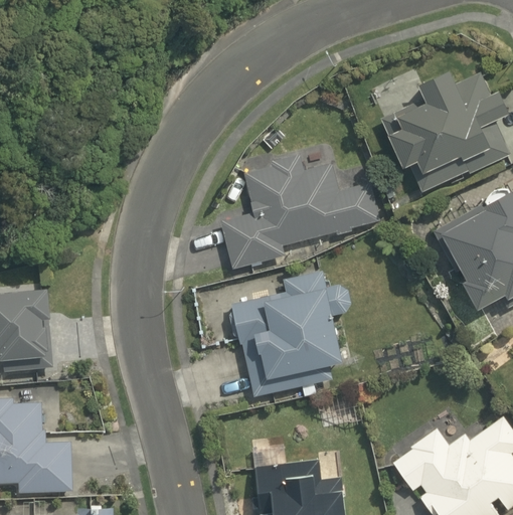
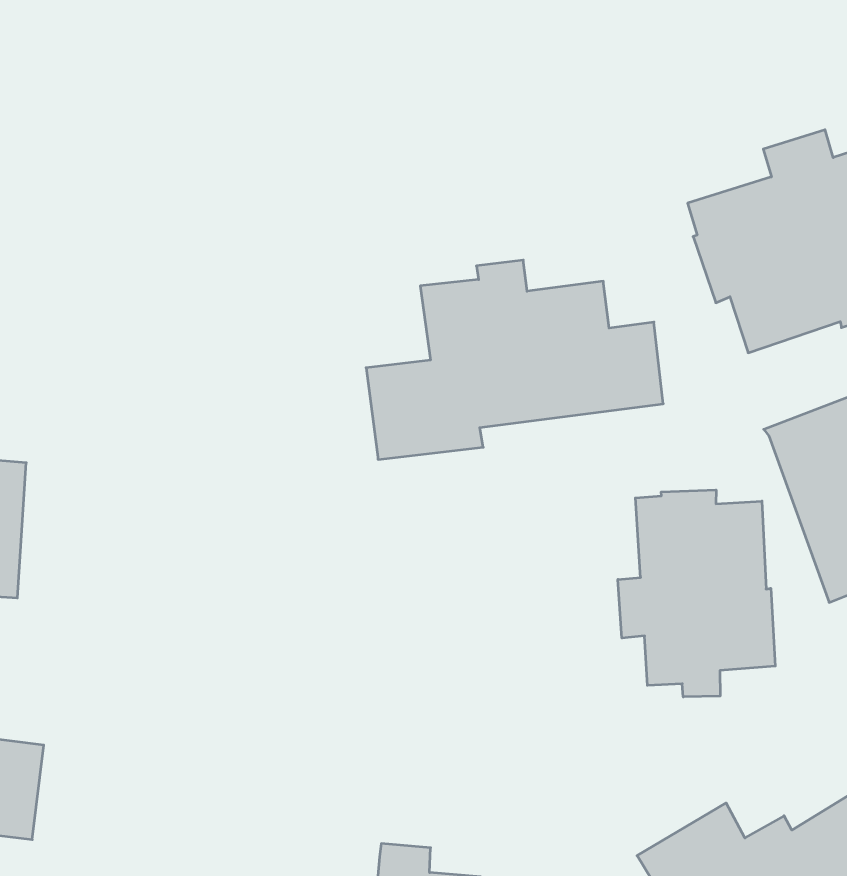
building: none -> [618,490,775,697]
building: [227,275,351,397] -> none

